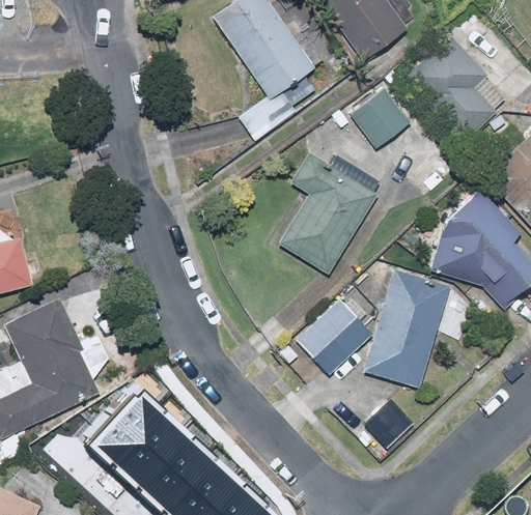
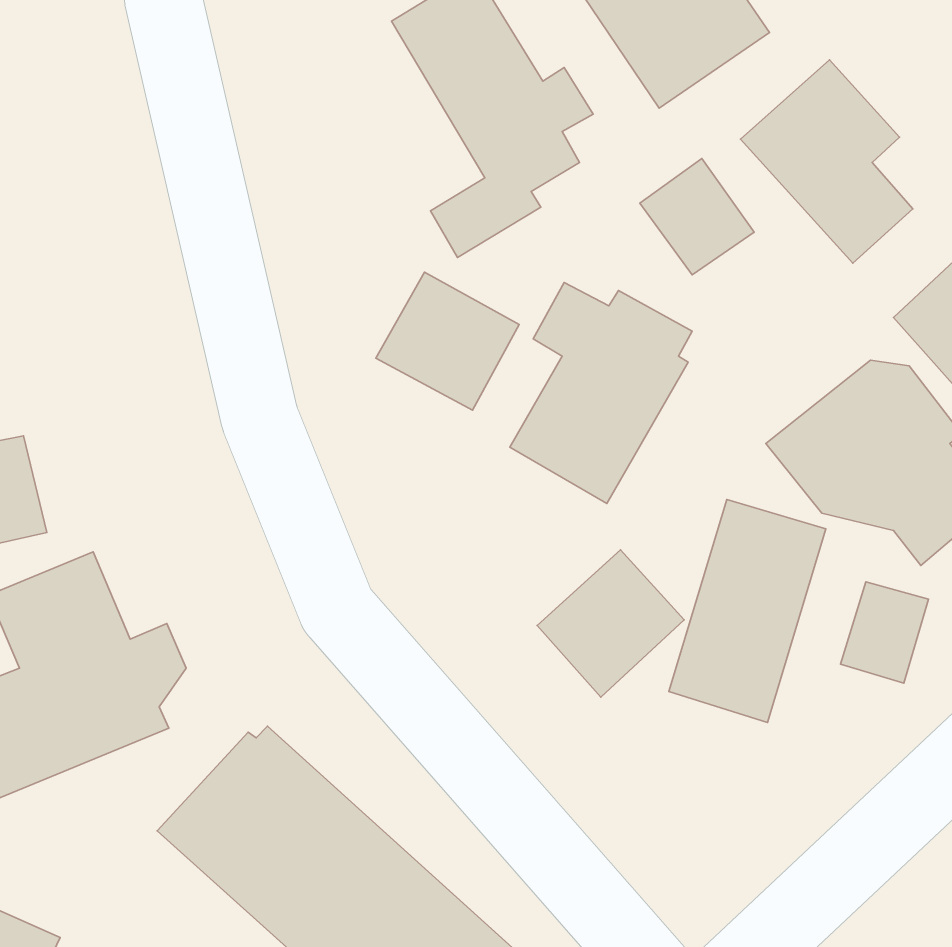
building: none -> [376,272,519,410]
building: none -> [840,582,929,683]

